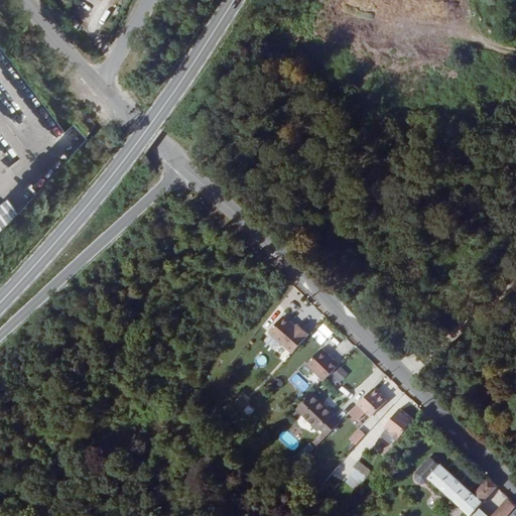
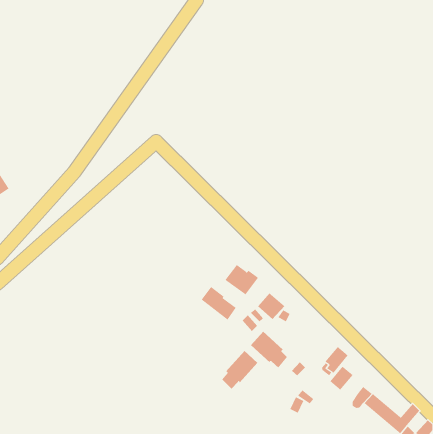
building: none -> [201,286,236,320]
building: [356,387,384,416] -> [329,366,353,390]
building: none -> [221,350,258,389]

